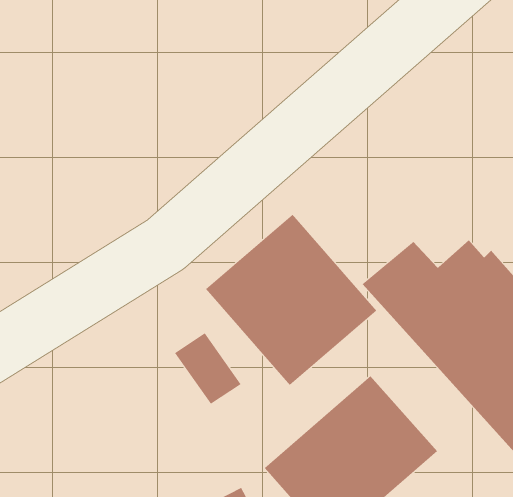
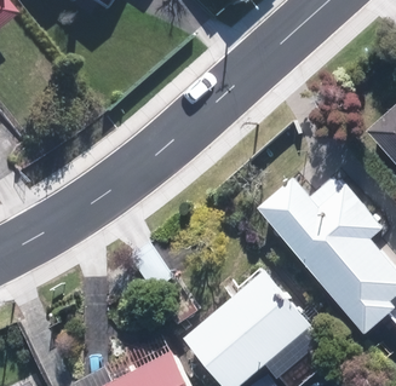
building: [205,214,377,386] -> none

